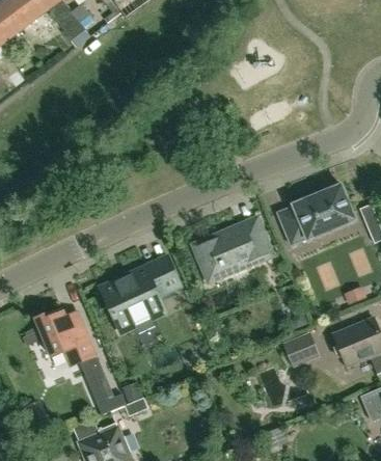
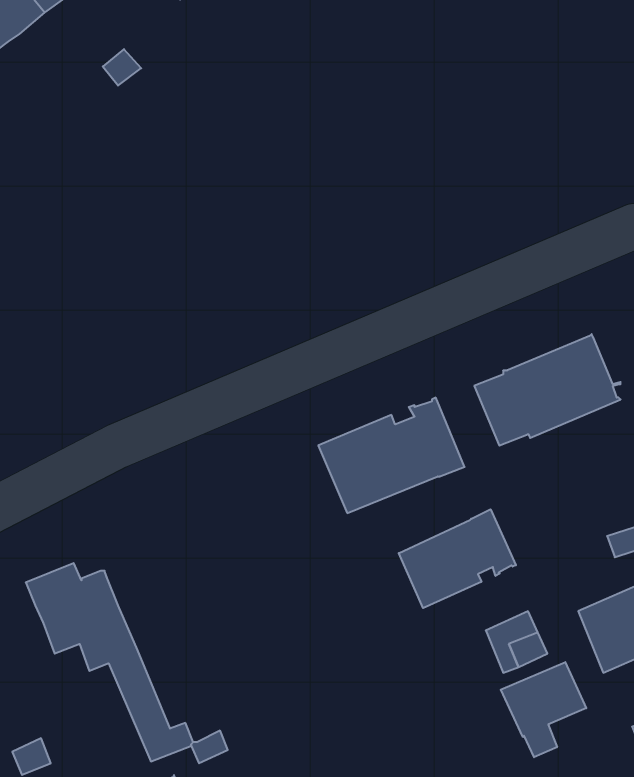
building: [101,256,181,330] -> none
building: none -> [399,509,516,608]
building: none -> [501,662,586,757]

